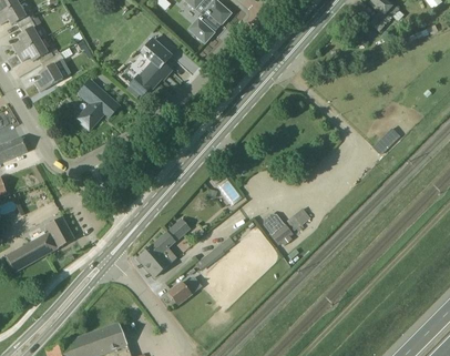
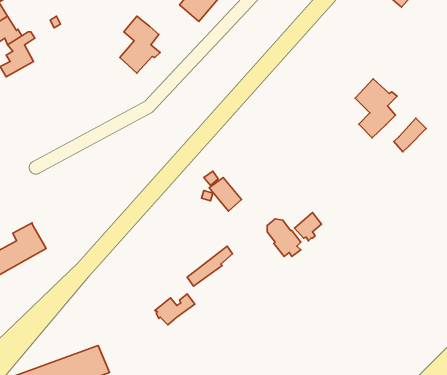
building: [75,79,119,130] -> none
building: none -> [355,79,397,138]
building: [137,224,183,276] -> none

